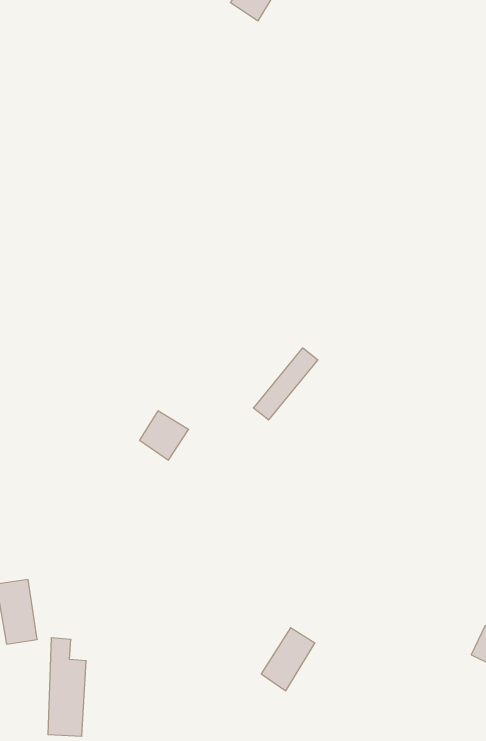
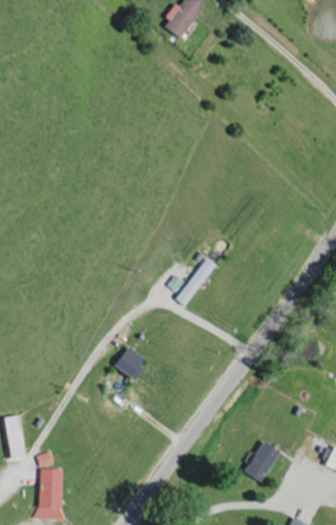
building: [140,411,189,460] -> [114,345,147,378]
building: [261,628,315,691] -> [243,439,279,482]

